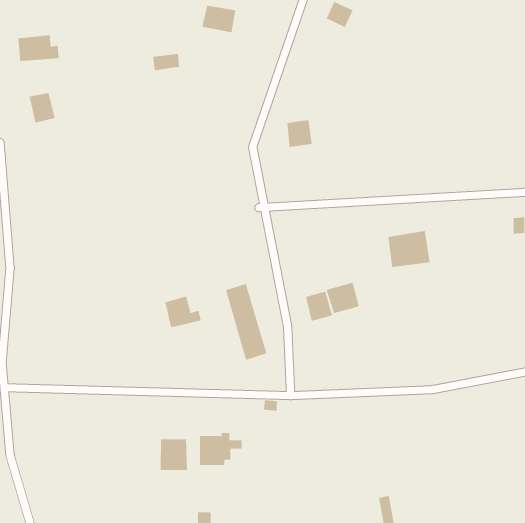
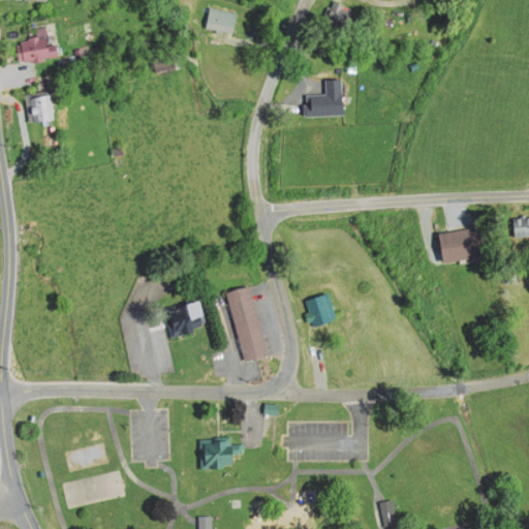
building: [287,120,312,147] -> [313,83,339,111]
building: [388,231,431,268] -> [439,227,483,264]
building: [326,282,360,314] -> none
building: [160,439,187,471] -> none

